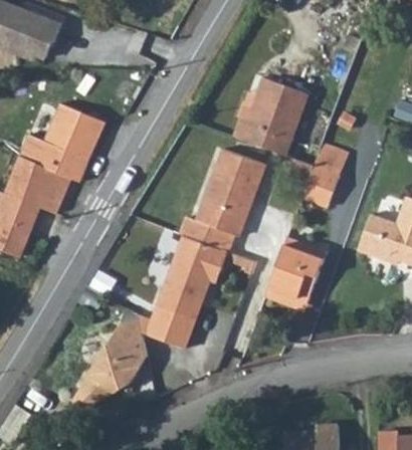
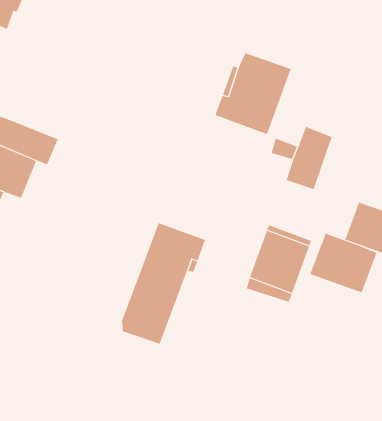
building: [45,102,105,158] -> none
building: [180,148,264,251] -> none
building: none -> [309,233,377,293]
building: [74,321,149,412] -> none

